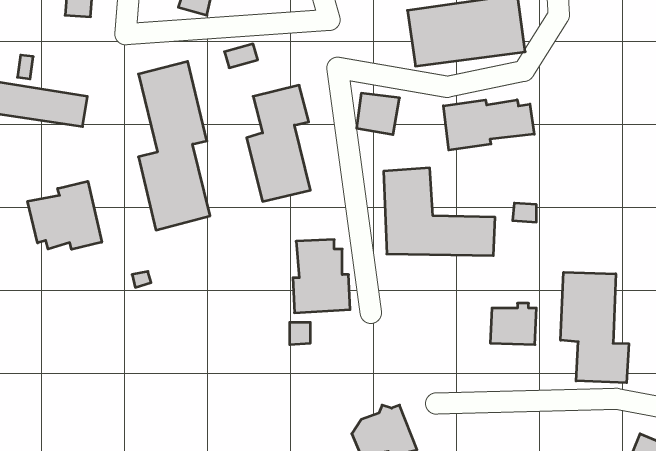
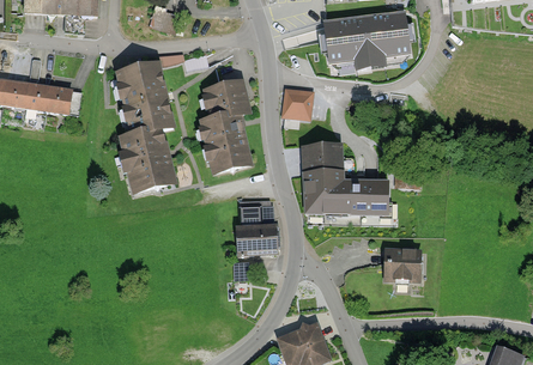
building: [443,100,534,150] -> none
building: [28,181,102,249] -> none
building: [561,272,629,383] -> none

